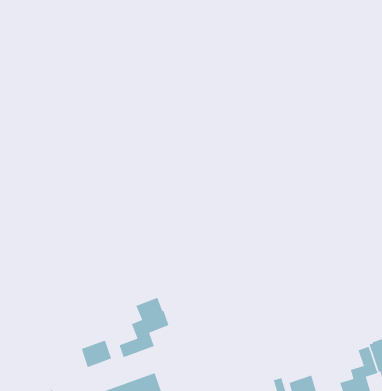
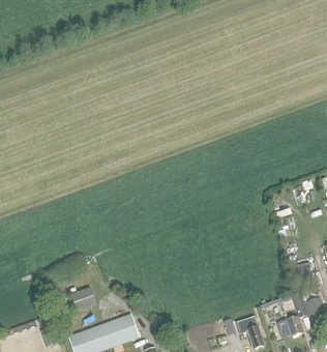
building: [118,297,169,358] -> none

